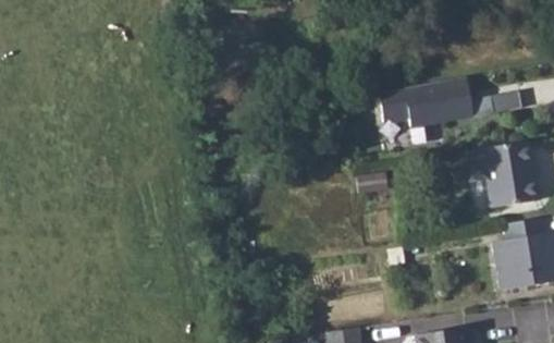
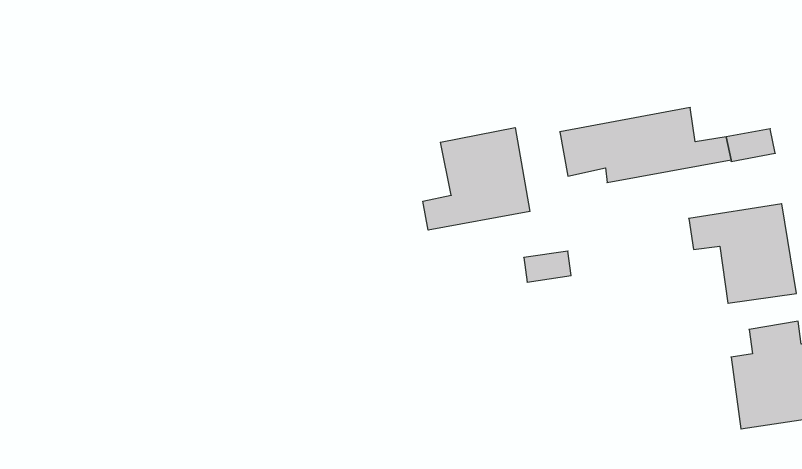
building: none -> [423,128,530,230]

